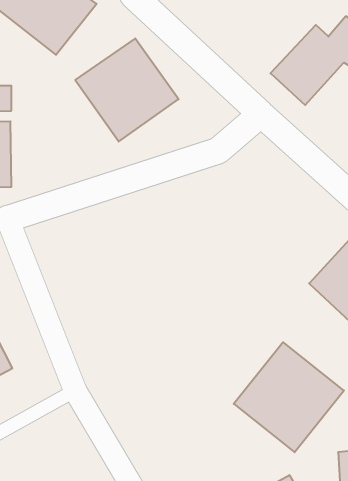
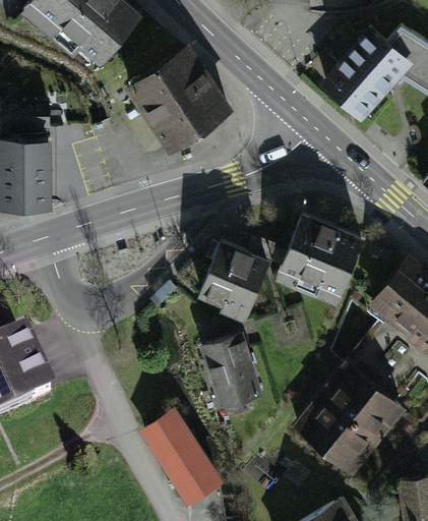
building: none -> [278,212,365,306]
building: none -> [201,240,270,315]
building: none -> [203,332,261,403]
building: none -> [146,411,222,503]

